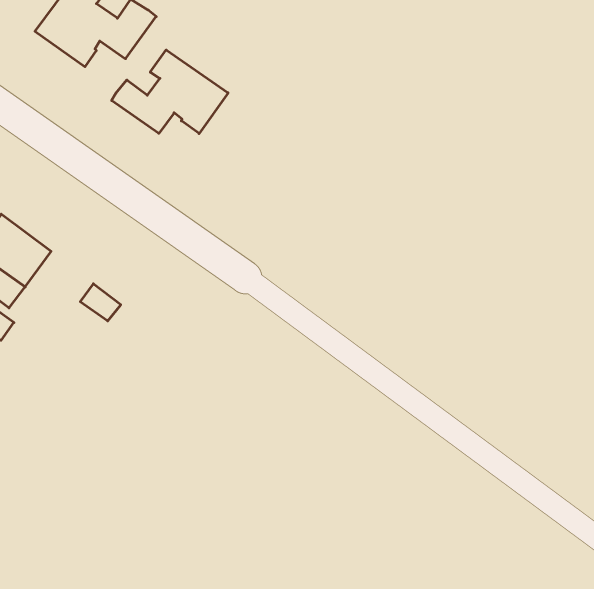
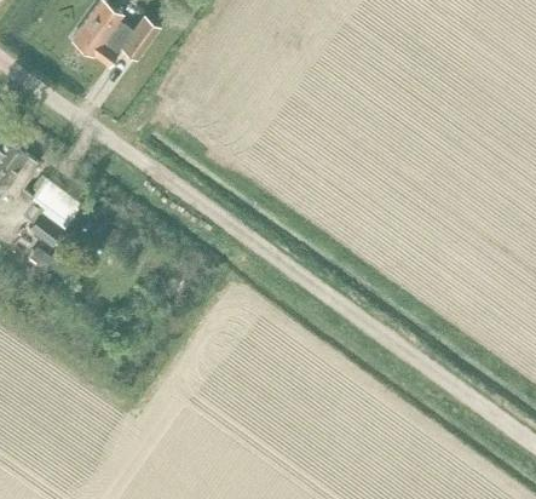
building: [112,50,228,134] -> none

